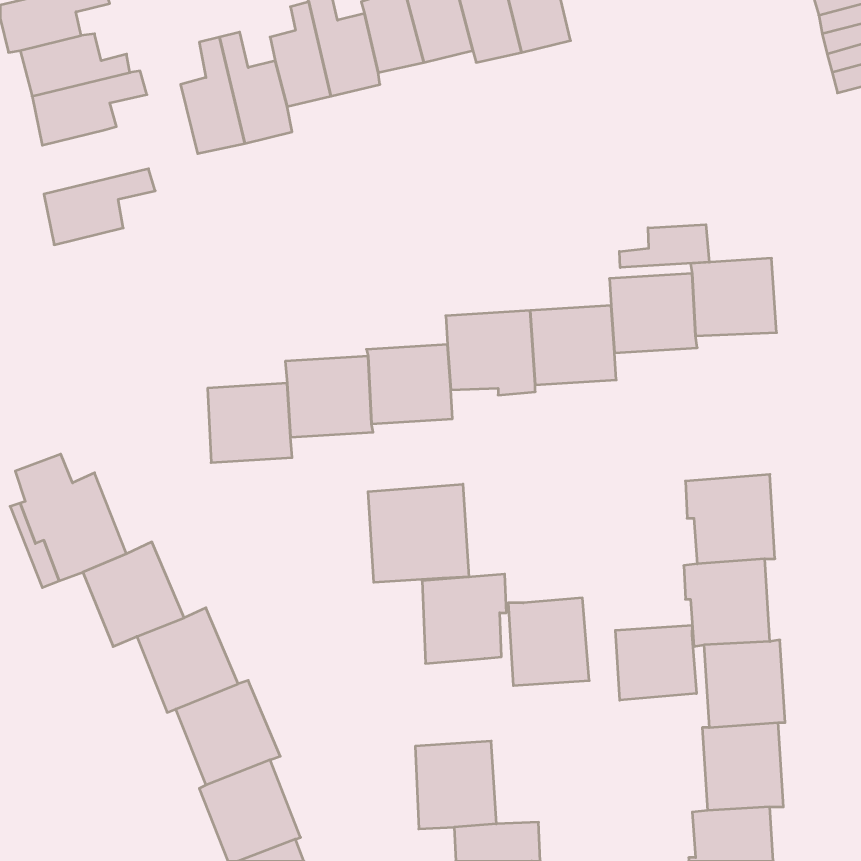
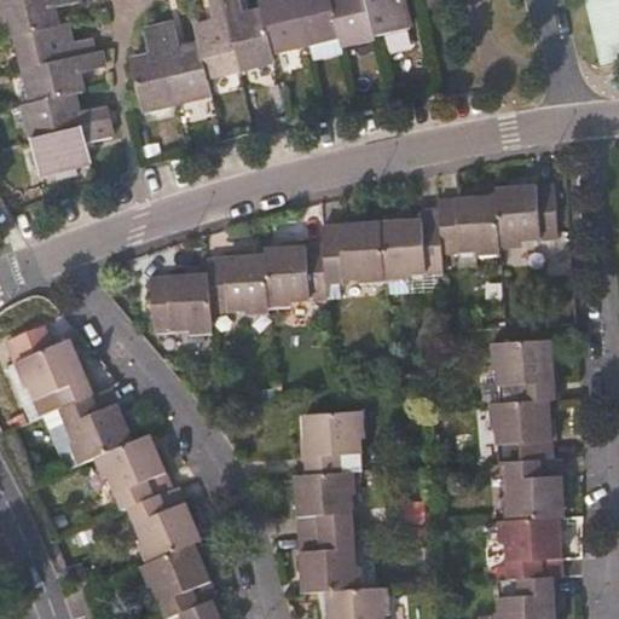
building: none -> [24,93,108,139]
building: [619,225,709,268] -> none
building: [368,484,469,582] -> none
building: [508,598,589,686] -> [295,472,353,534]
building: [615,625,696,700] -> none

